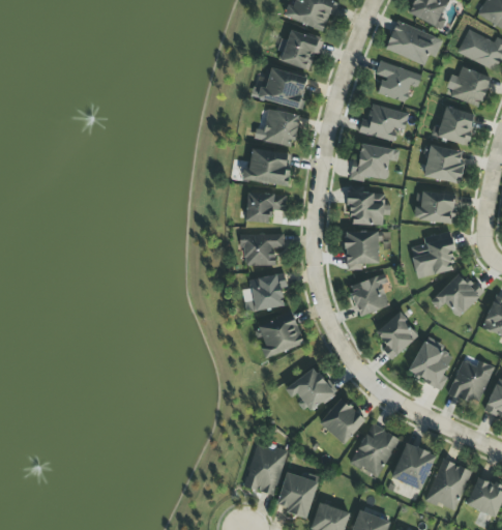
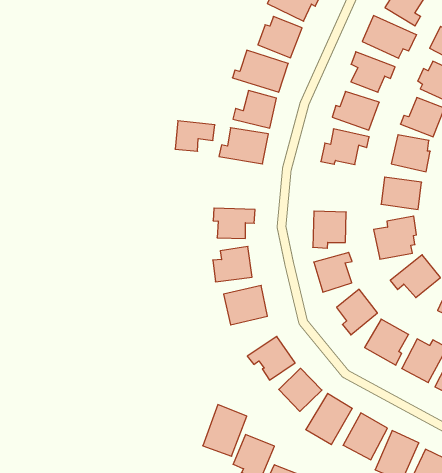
building: [349,189,390,224] -> none
building: [246,190,287,222] -> [175,121,215,151]

